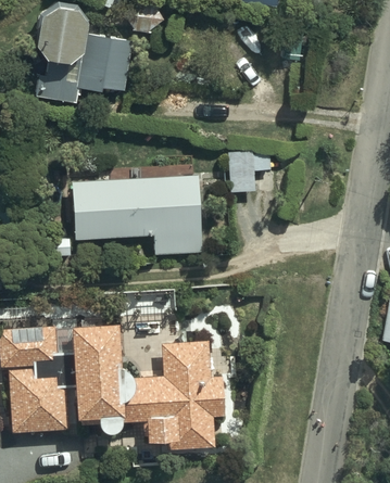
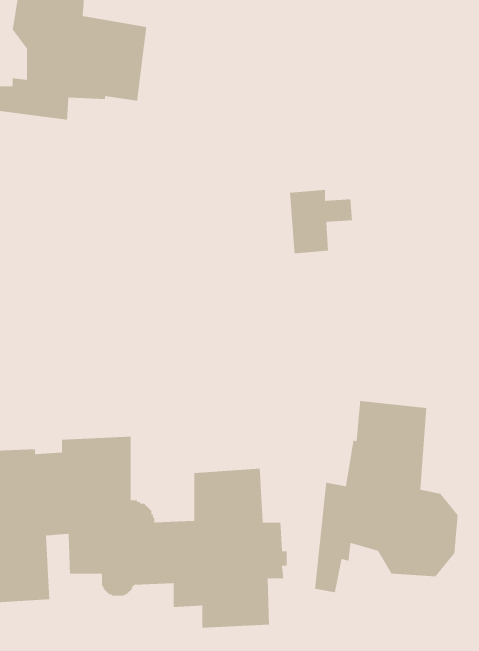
building: [71,174,203,257] -> none
building: none -> [314,400,459,593]

